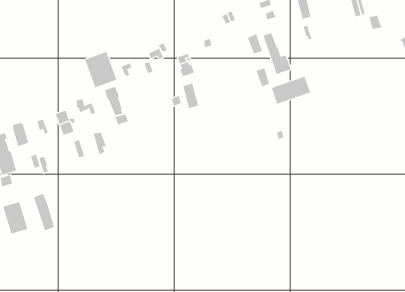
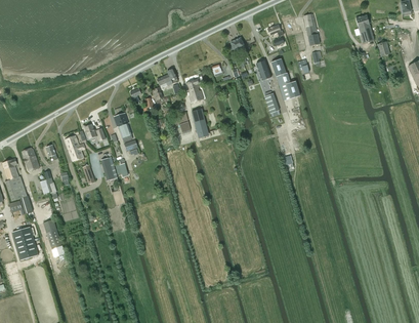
building: [84,51,117,88] -> none
building: [271,76,311,104] -> none

